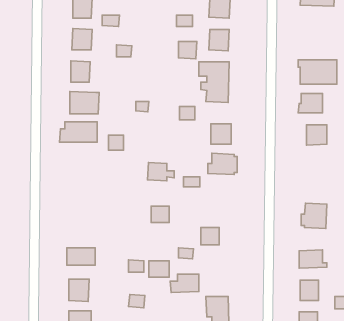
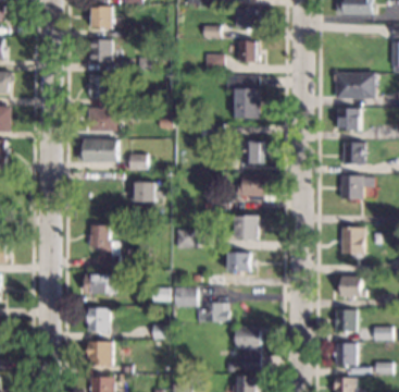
building: none -> [341,176,373,198]
building: [148,163,174,181] -> [135,182,163,201]
building: none -> [236,215,257,238]
building: none -> [90,224,120,266]

